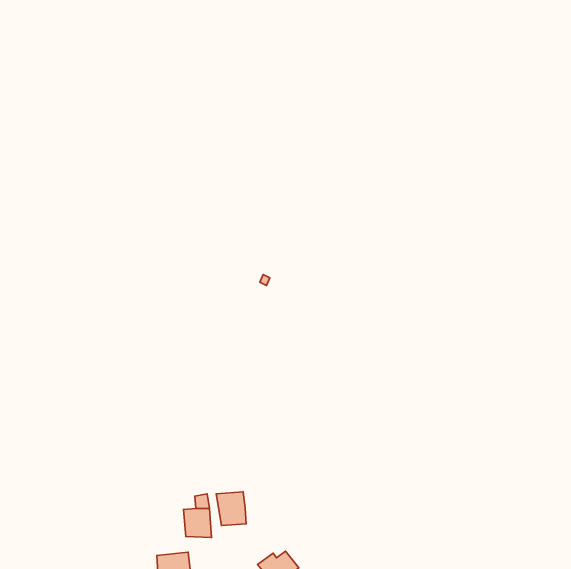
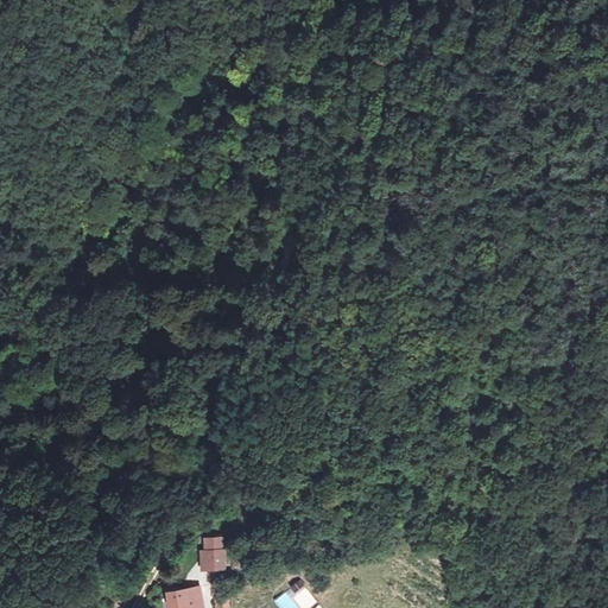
building: [216,492,246,525] -> none

